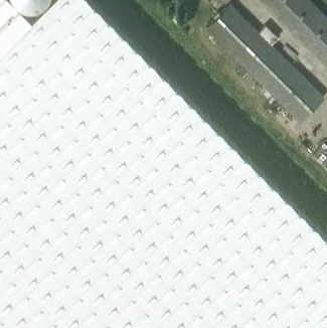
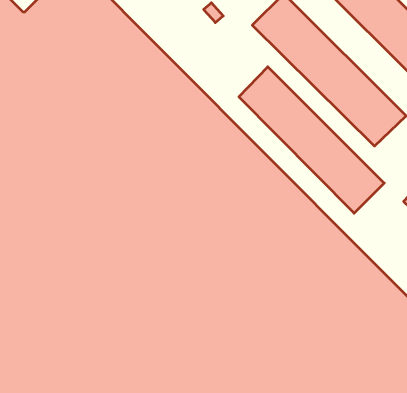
building: none -> [239,67,384,213]

